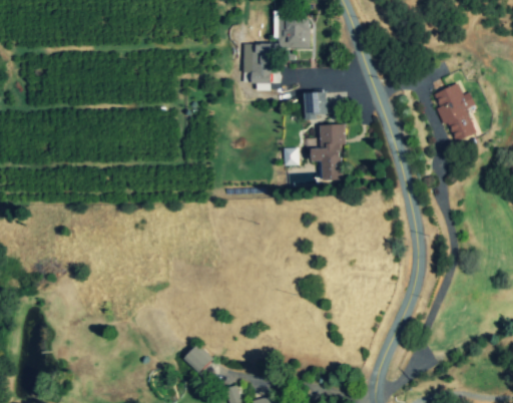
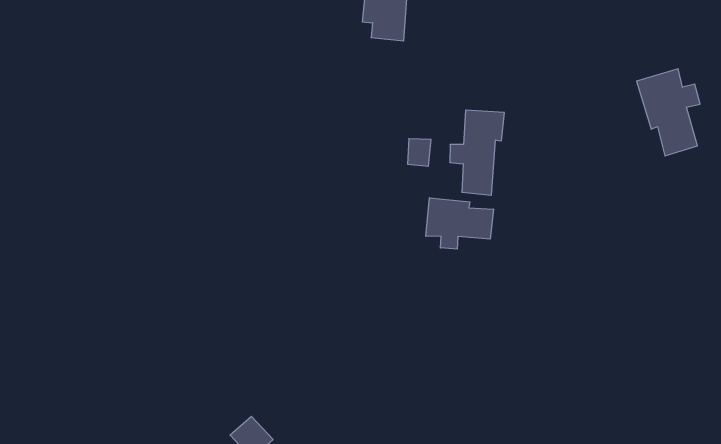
building: [304,92,328,119] -> none
building: none -> [426,198,493,249]

